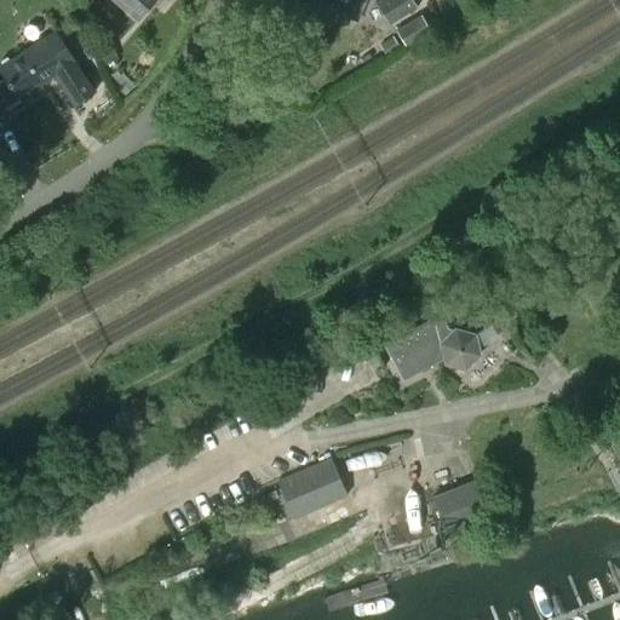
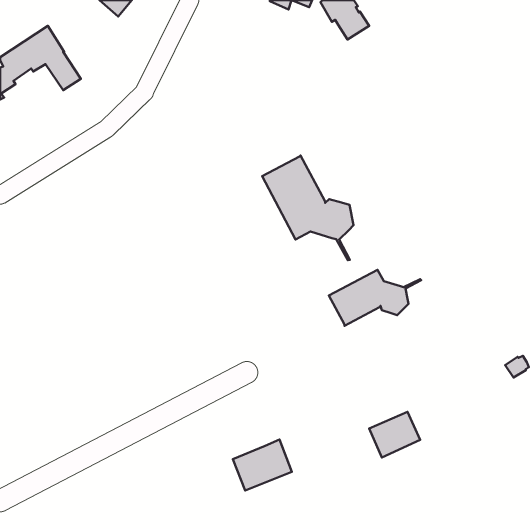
building: none -> [262,155,354,260]
building: [275,458,344,517] -> [233,440,292,490]

